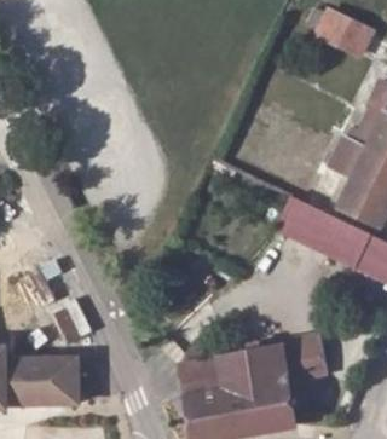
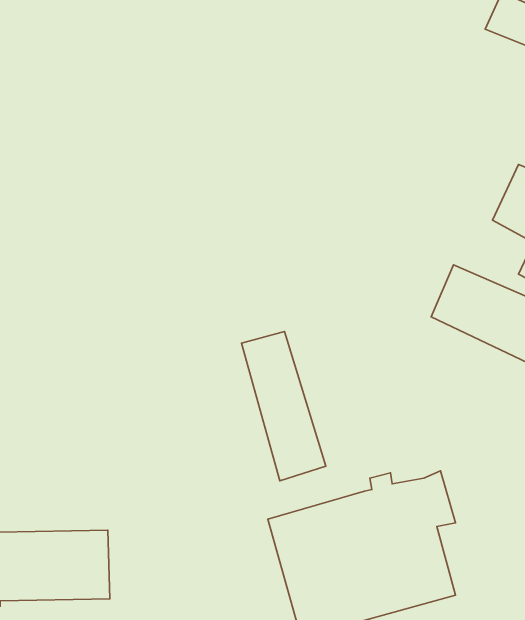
building: none -> [242,332,326,481]

